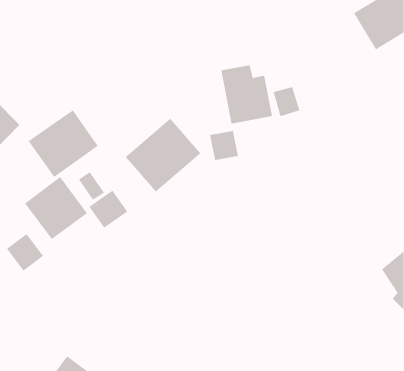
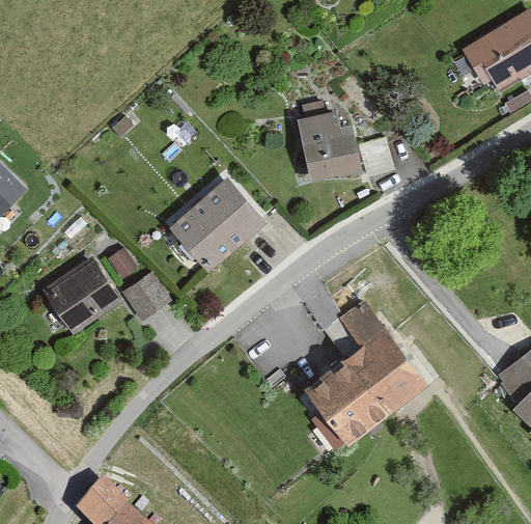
building: [28,109,98,178] -> none
building: [210,130,238,161] -> none
building: none -> [303,298,429,448]
building: [6,233,44,272] -> none

